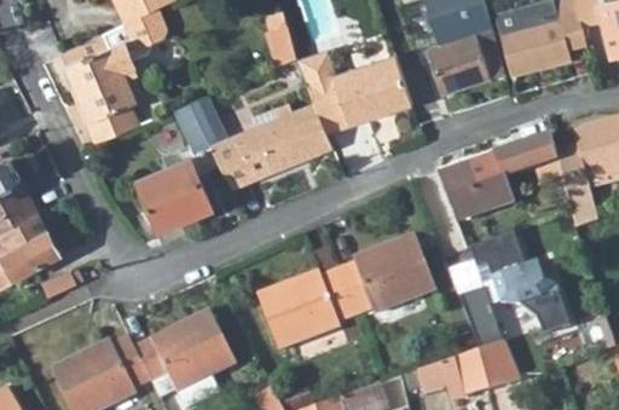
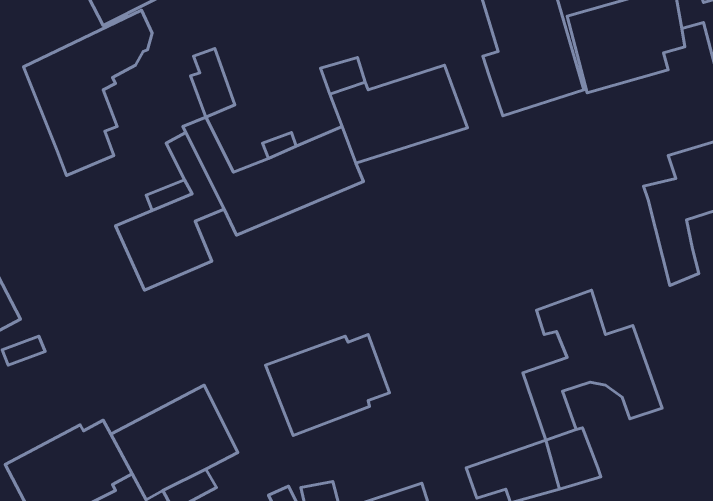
building: [264,12,299,67] -> [191,48,235,117]
building: [438,134,557,220] -> none
building: [336,232,435,313] -> none

